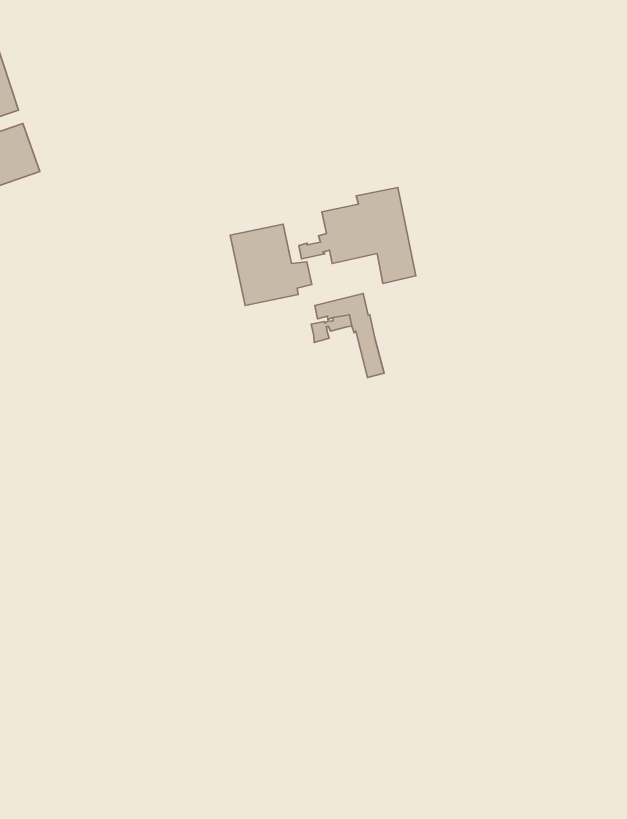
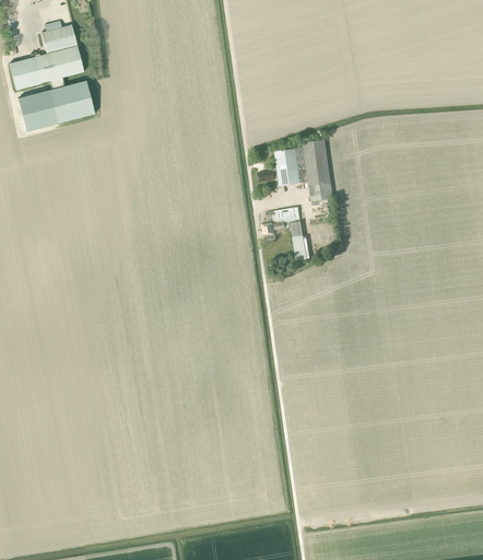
building: [230,224,312,305] -> none

